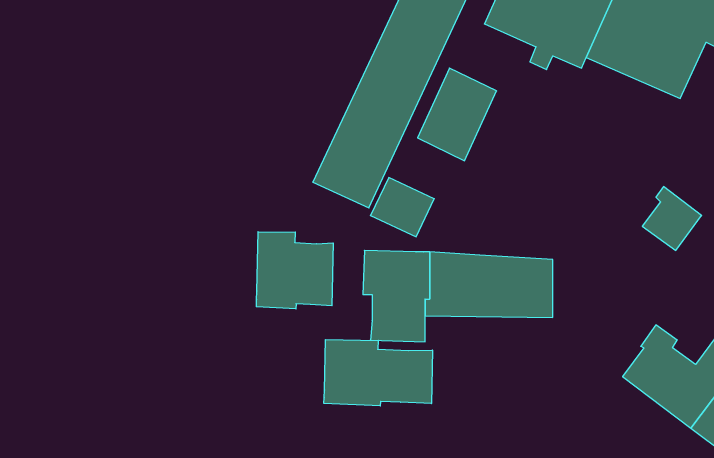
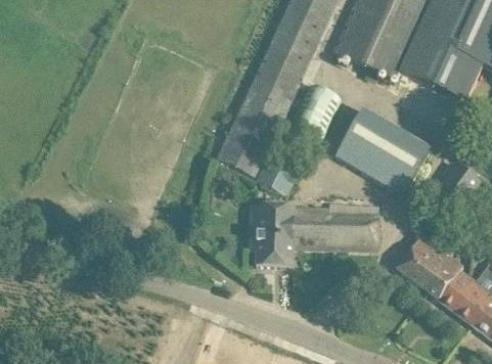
building: none -> [334,108,431,195]
building: [256,232,333,309] -> none
building: none -> [397,235,448,289]
building: [324,340,432,406] -> none

